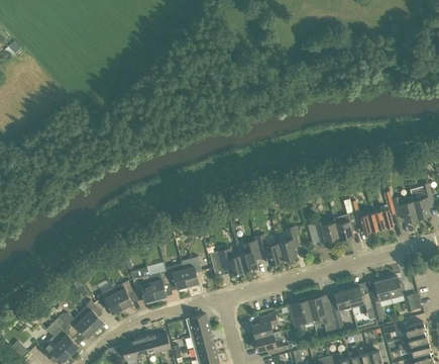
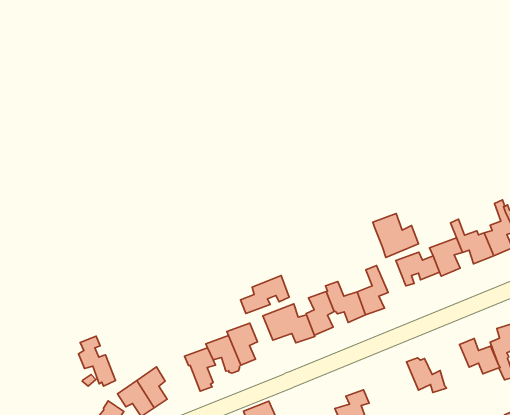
building: none -> [373,213,419,257]
building: none -> [240,276,289,313]
building: [132,269,156,305] -> [79,336,116,386]
building: [329,291,351,320] -> none
building: [291,299,313,332] -> none

